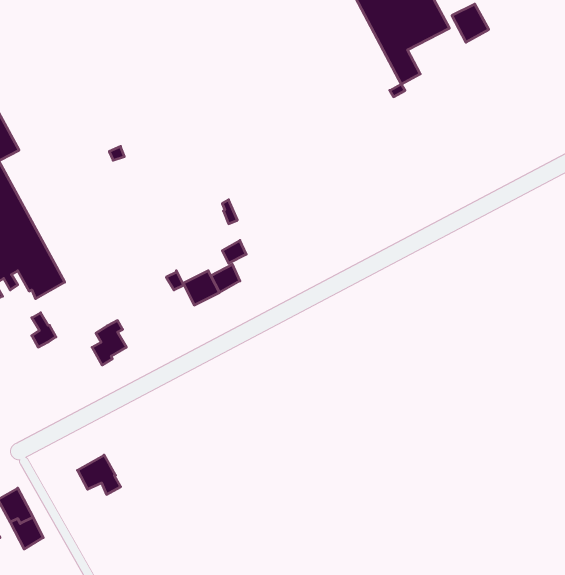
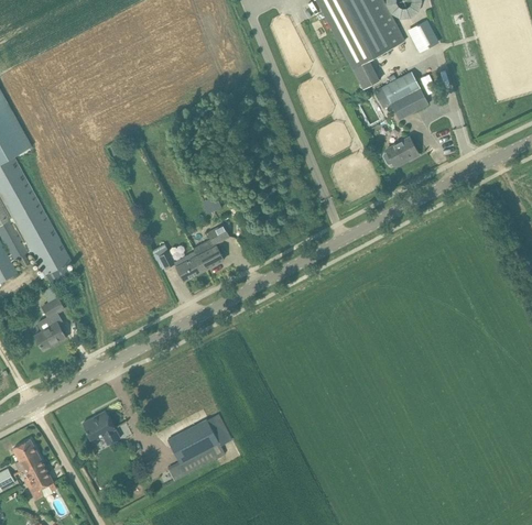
building: none -> [381,73,427,118]
building: none -> [382,136,417,166]
building: [92,321,126,365] -> [34,311,64,350]
building: none -> [166,418,226,481]

